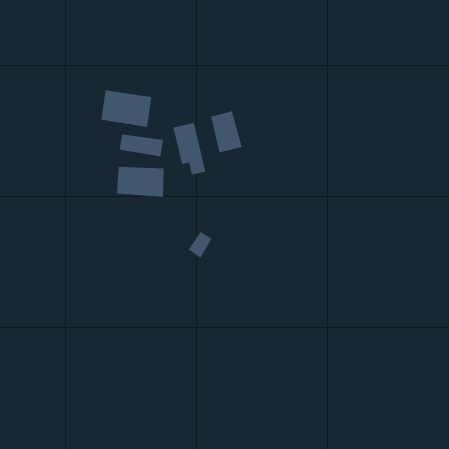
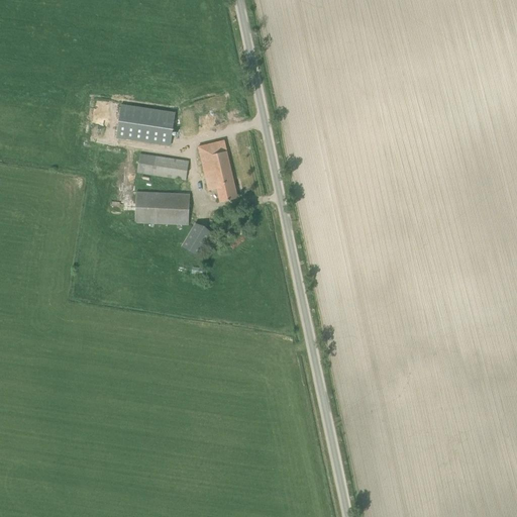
building: [211,110,243,153] -> none
building: [188,231,212,258] -> [182,222,210,253]

